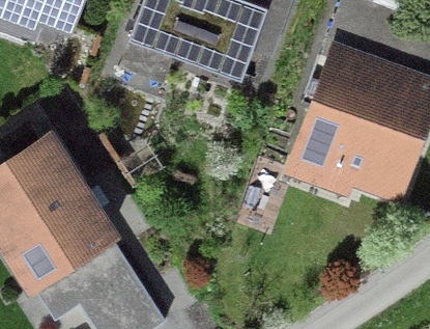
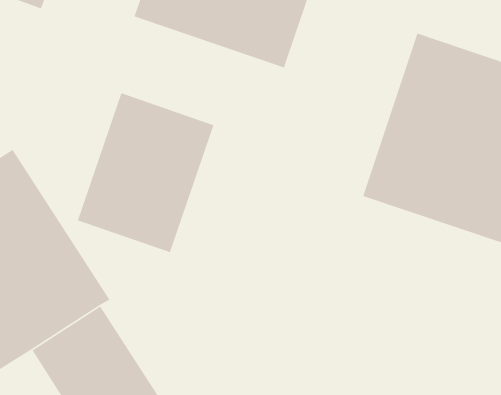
building: none -> [77,92,215,253]

